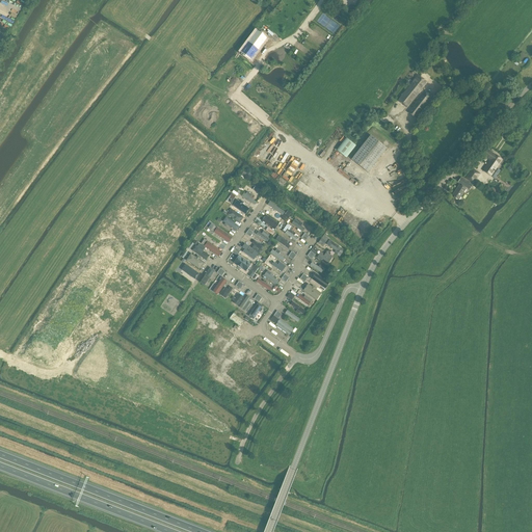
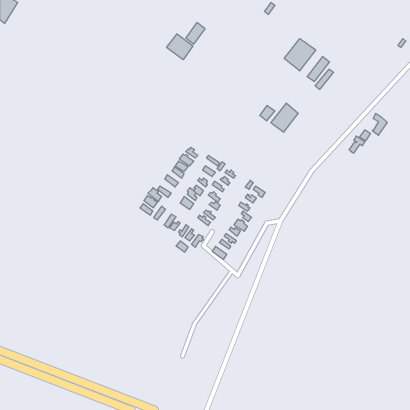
building: none -> [167,34,193,60]
building: none -> [284,39,316,71]

